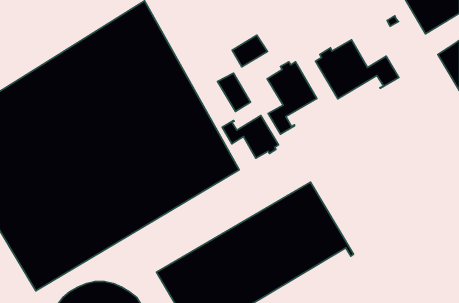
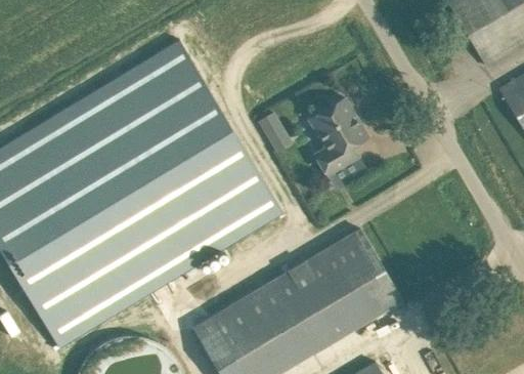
building: [232,35,268,67] -> none
building: [315,40,399,99] -> none
building: [222,115,278,158] -> none

